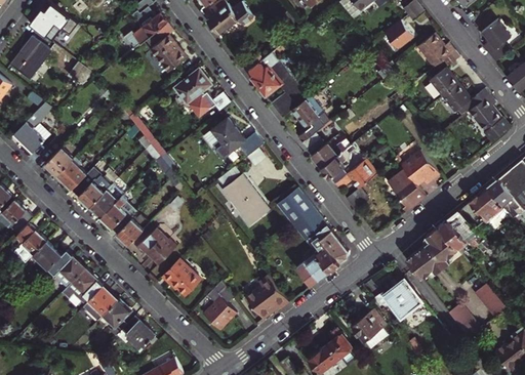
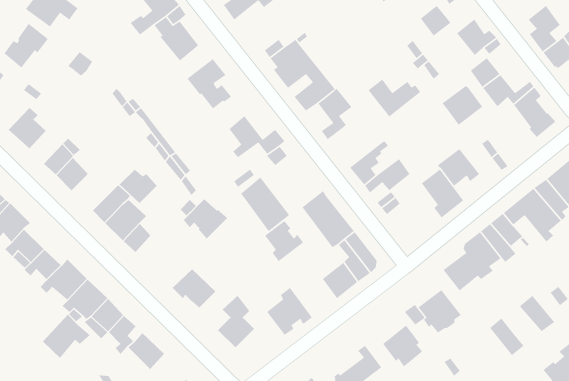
building: none -> [442,85,483,126]
building: [301,133,350,168] -> [368,79,421,117]
building: [71,175,106,207] -> [119,169,158,204]
building: none -> [264,220,304,262]
building: [134,230,175,266] -> [183,199,228,239]
building: none -> [42,314,91,359]

